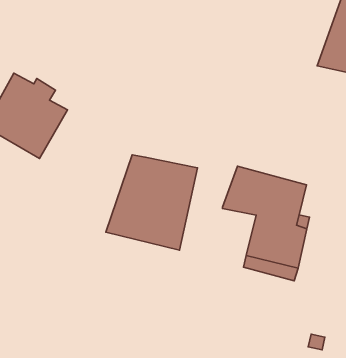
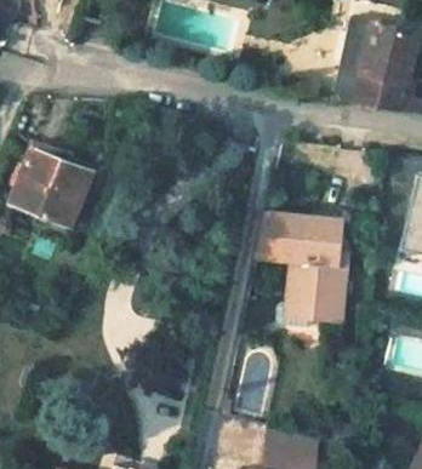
building: [106,155,197,250] -> none

